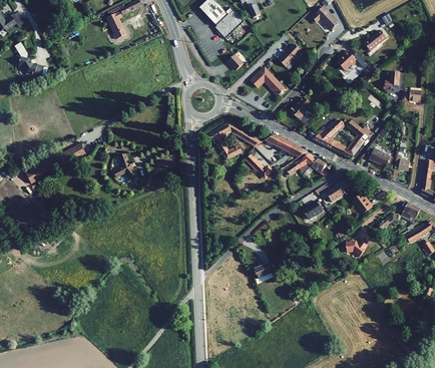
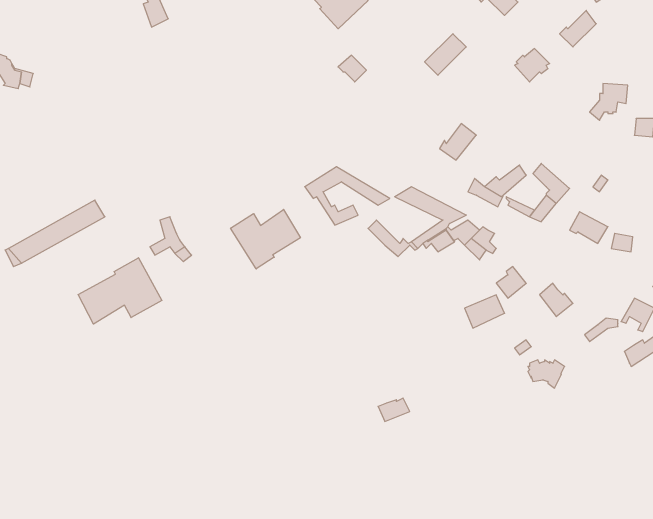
building: [253,69,287,96] -> none
building: none -> [231,209,300,269]
building: none -> [78,258,162,324]

